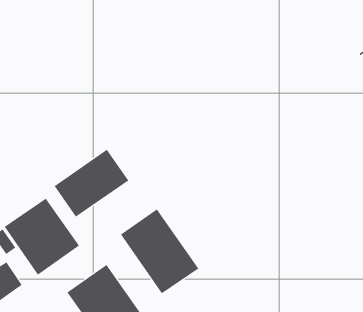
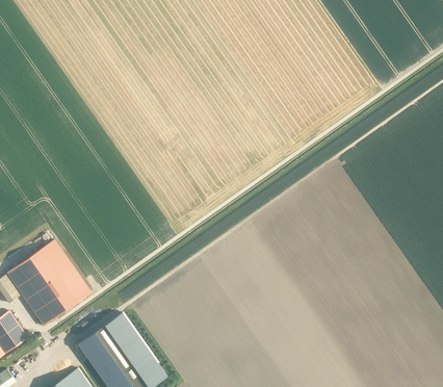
building: [54,149,129,218] -> none
building: [120,208,199,294] -> none

